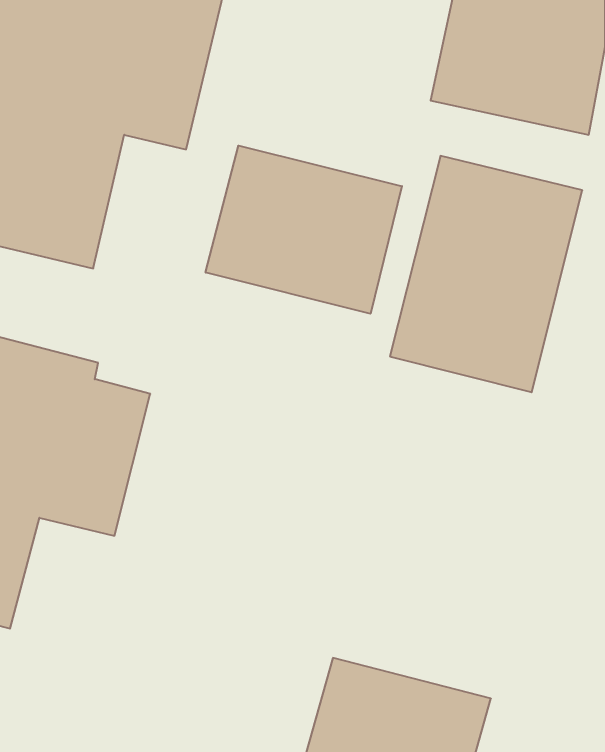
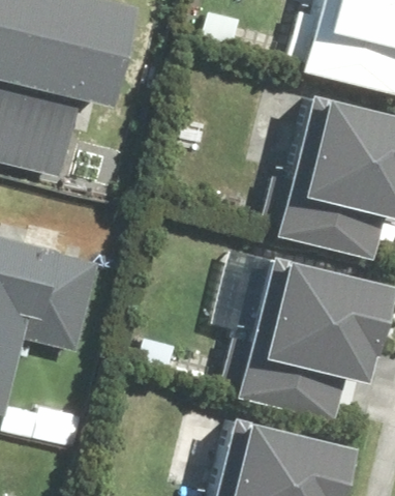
building: [206,146,402,314] -> none
building: none -> [226,261,364,411]

